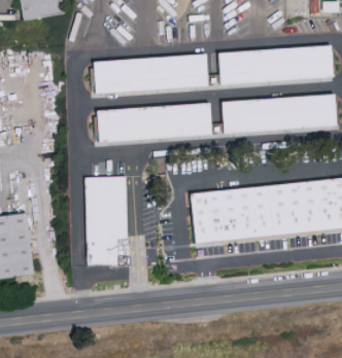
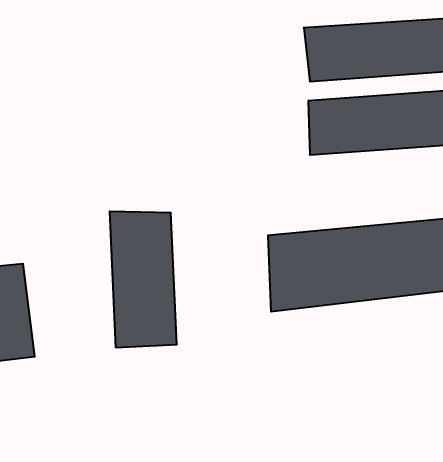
building: [90,52,209,96] -> none
building: [94,101,213,146] -> none

